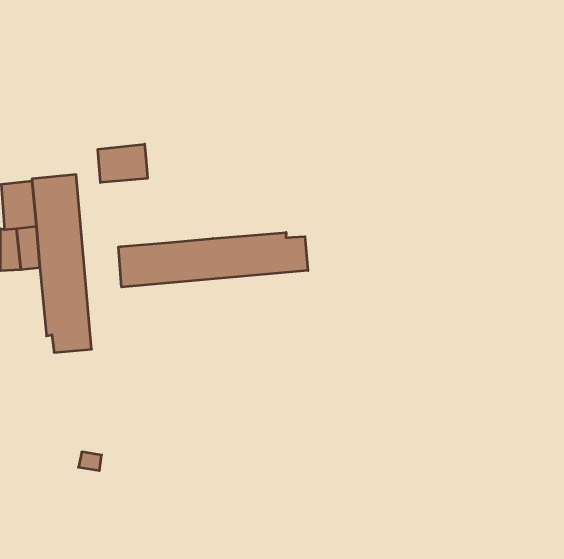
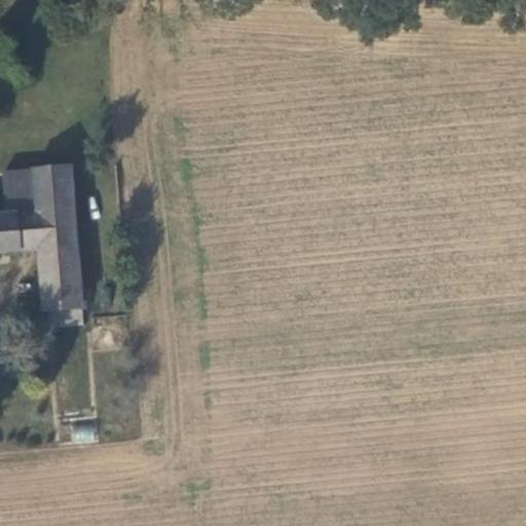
building: [98,144,147,183] -> none
building: [119,232,308,287] -> none

